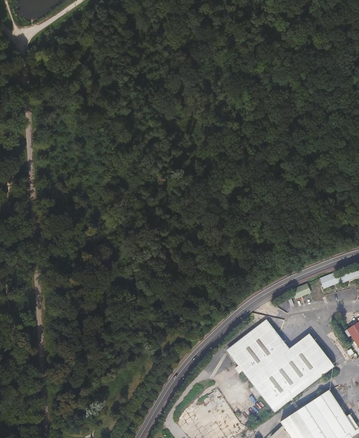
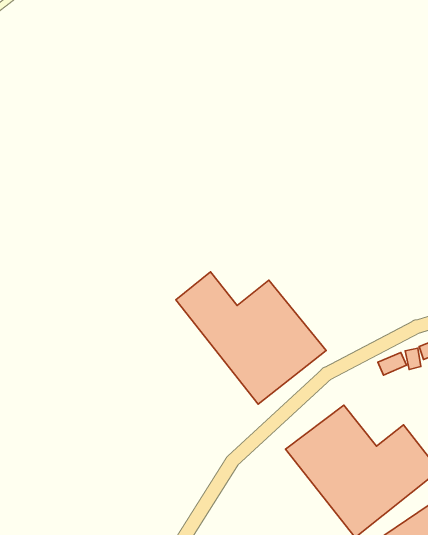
building: none -> [176,272,326,404]

